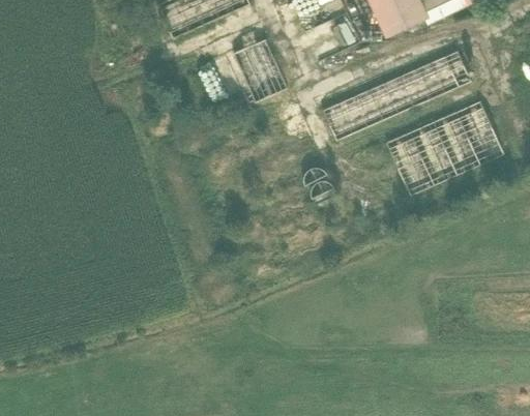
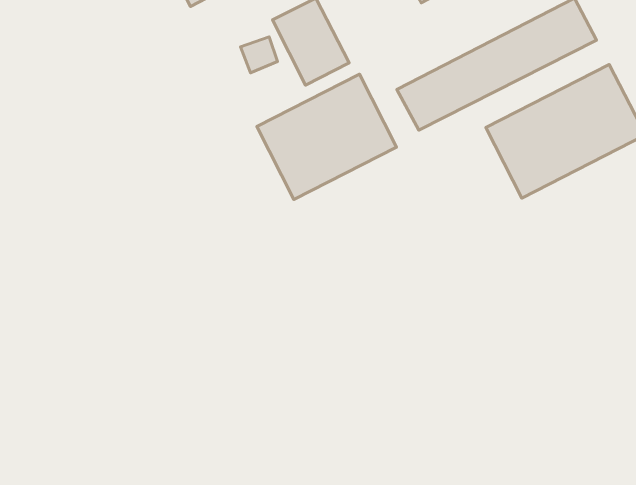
building: none -> [257,74,396,199]

